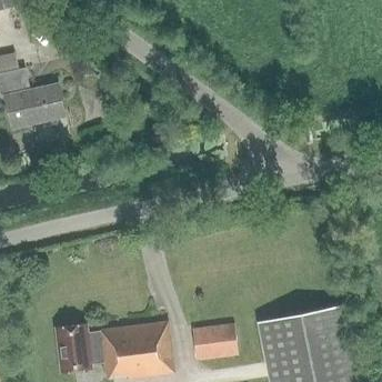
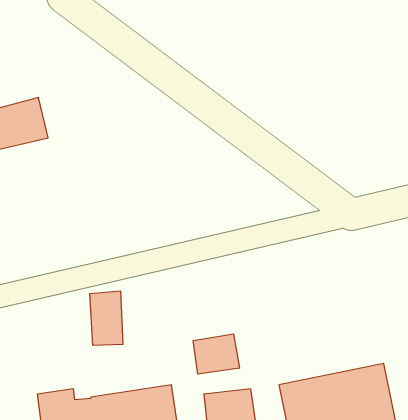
building: none -> [90,291,123,345]
building: none -> [193,334,239,374]

